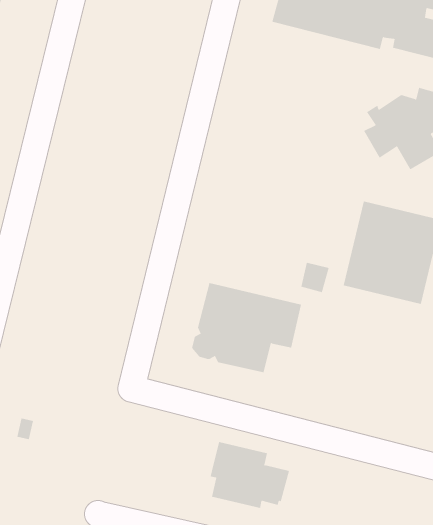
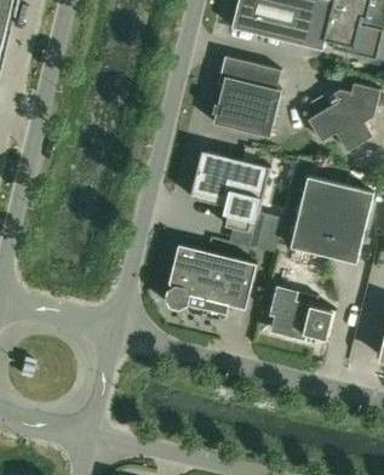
building: none -> [213,56,281,137]
building: none -> [190,150,270,231]
building: [210,442,290,509] -> [269,286,336,342]

